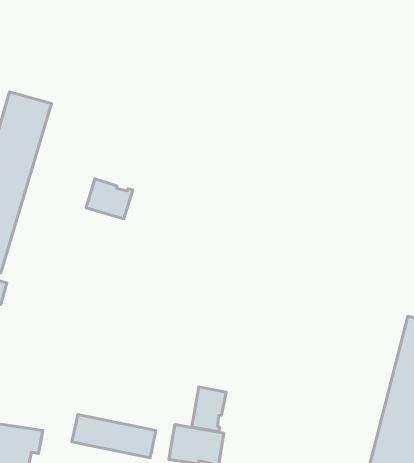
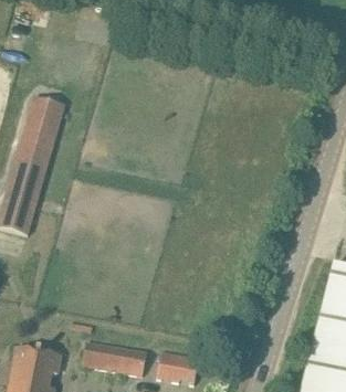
building: [86,179,133,219] -> none
building: [192,387,226,432] -> none

